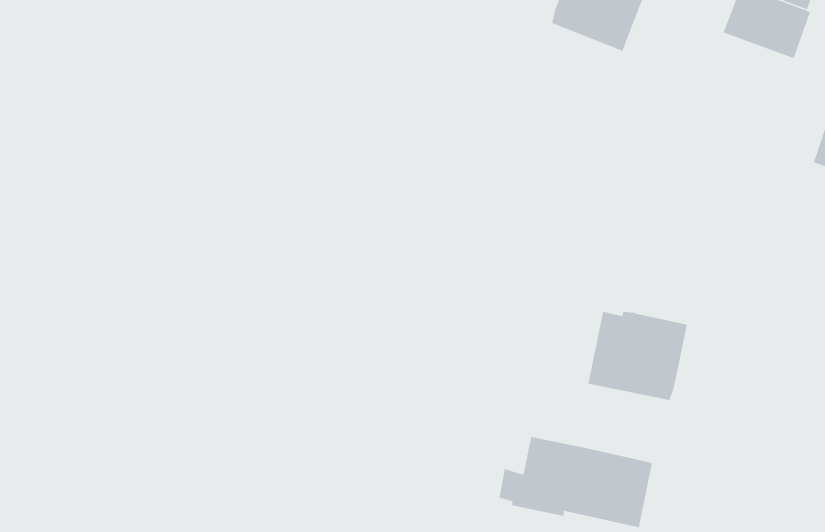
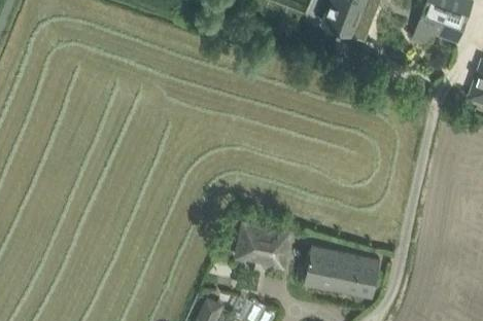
building: [588,311,688,401] -> none
building: none -> [236,226,288,265]

